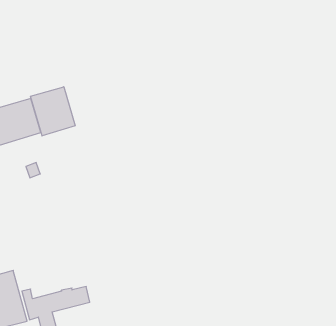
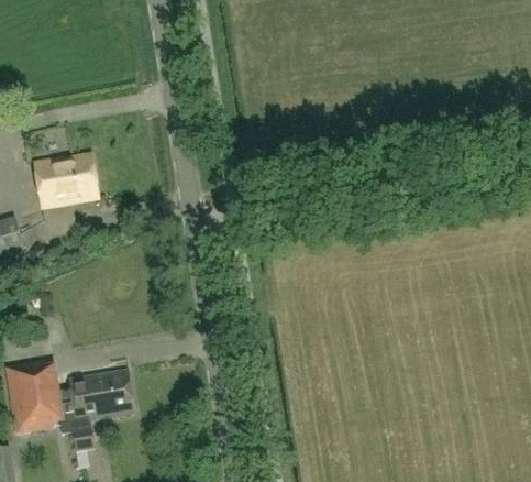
building: [30,87,75,136] -> none
building: none -> [65,366,133,398]

